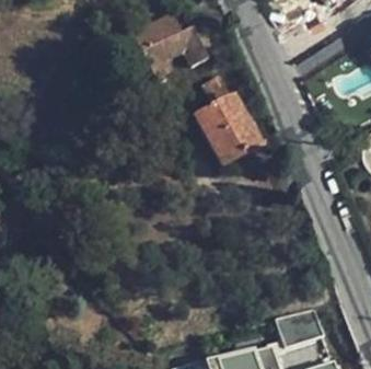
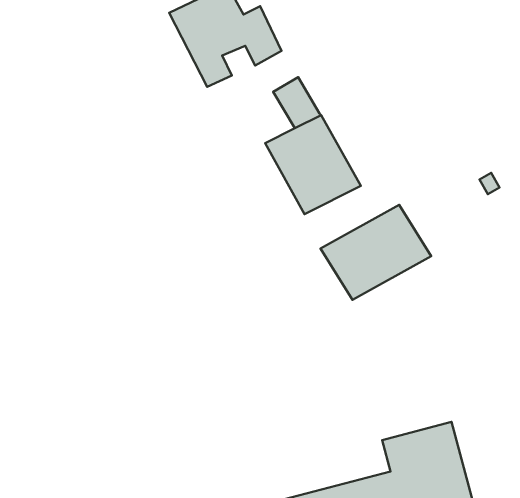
building: none -> [320,205,431,300]

